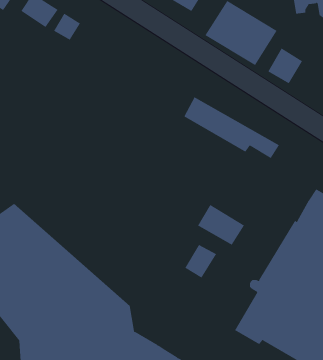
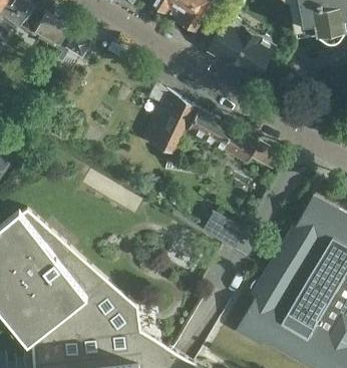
building: [267,47,303,84] -> none
building: none -> [140,84,198,153]
building: [185,244,217,279] -> none

